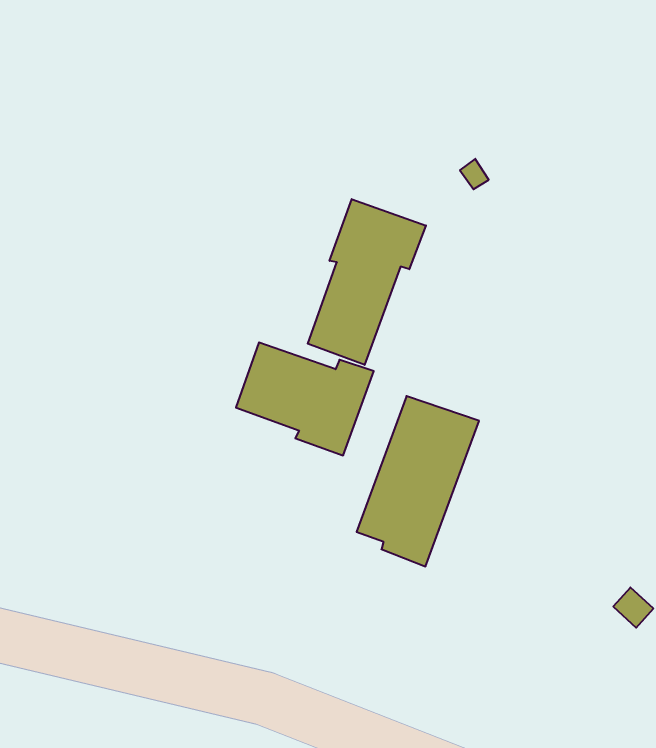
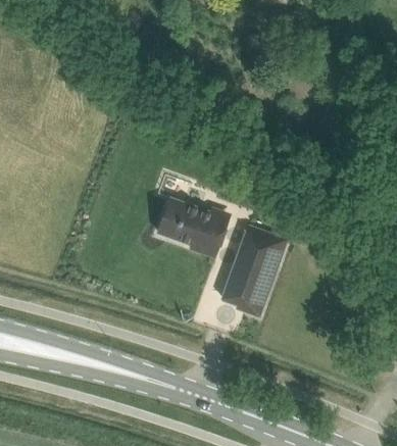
building: [308,199,426,365] -> none

